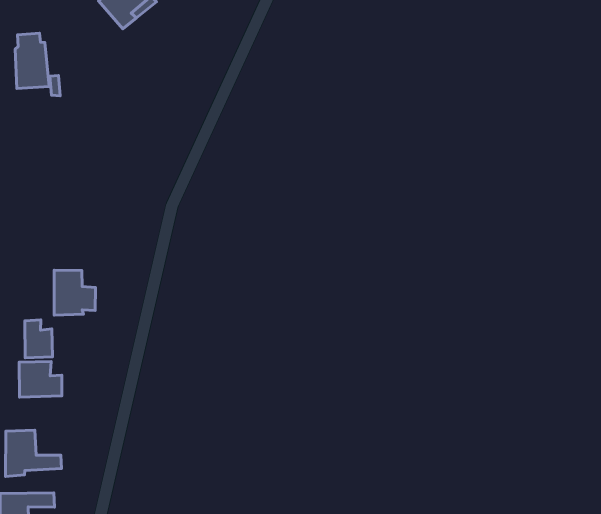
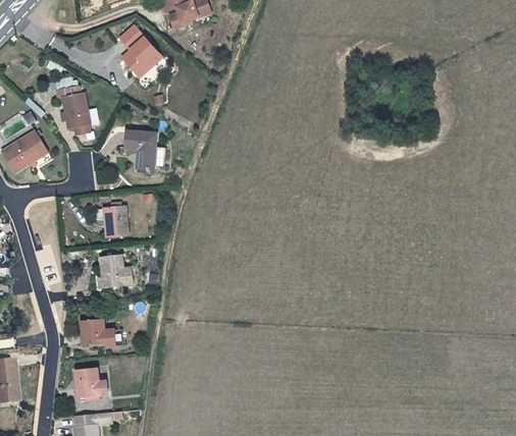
building: none -> [123,135,163,171]
building: none -> [105,206,128,233]
building: [25,320,53,358] -> none

